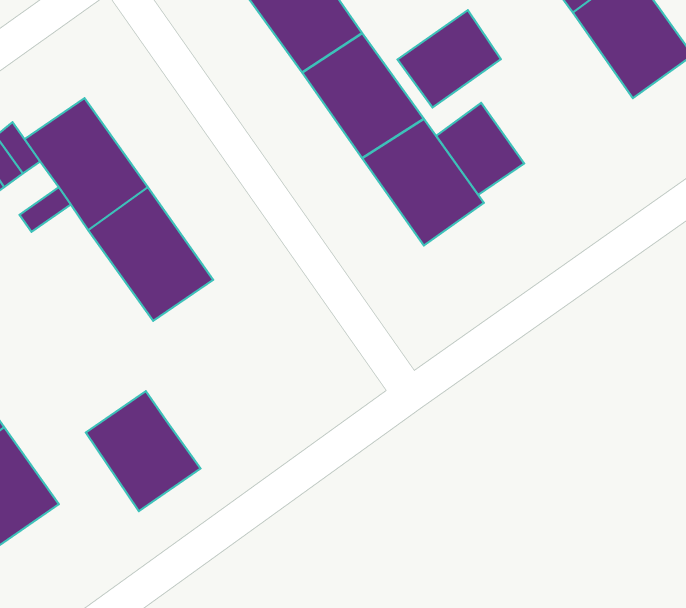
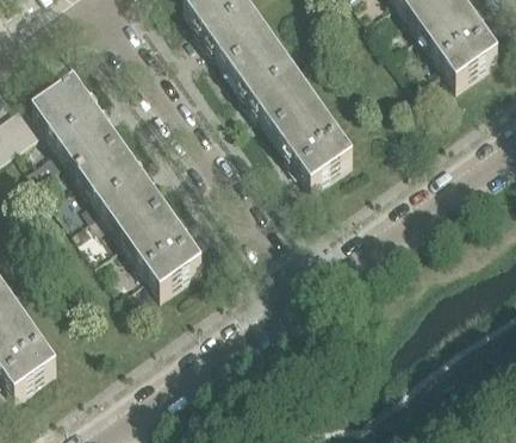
building: [398,10,501,107] -> none
building: [436,103,524,195] -> none
building: [86,391,201,511] -> [128,208,207,292]

